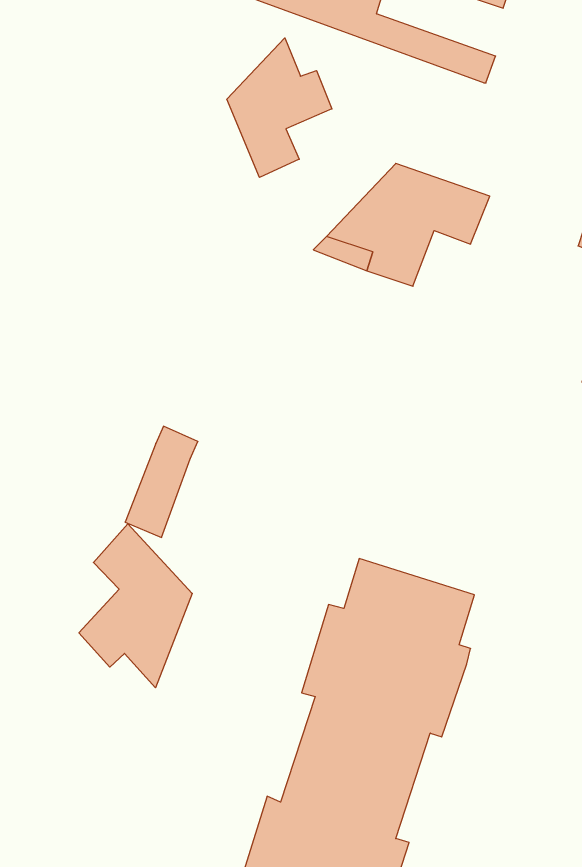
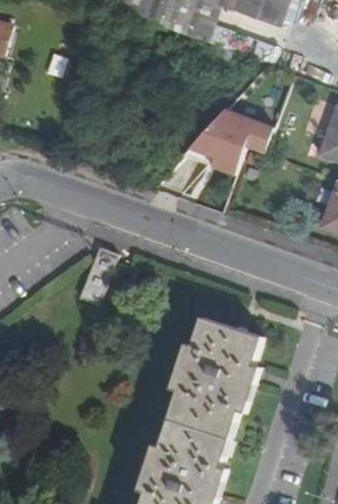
building: [227,38,332,177] -> none
building: [79,524,192,688] -> none

